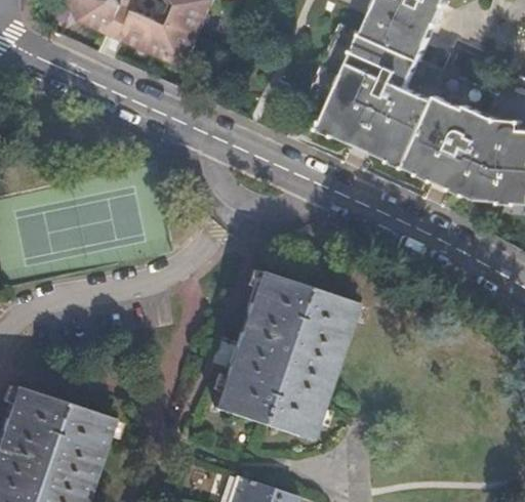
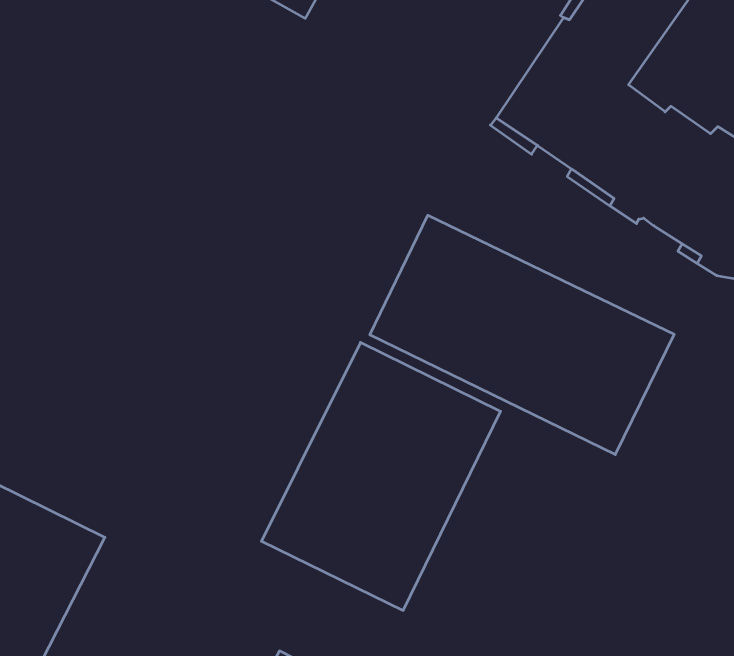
building: none -> [370,215,674,455]

